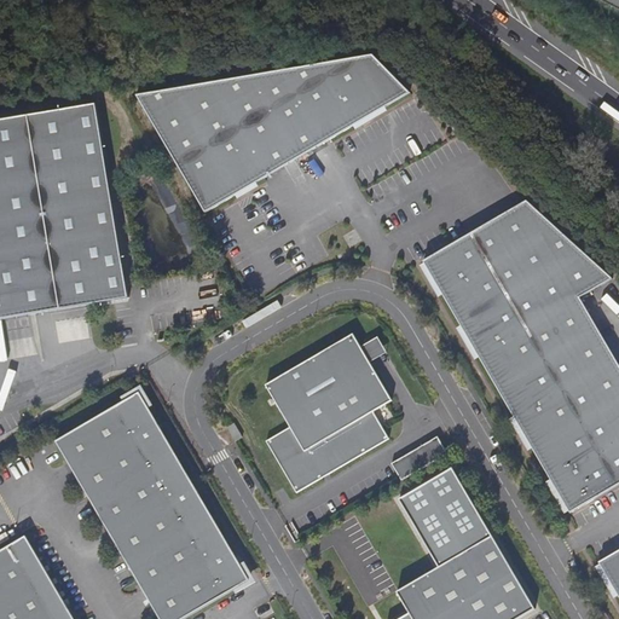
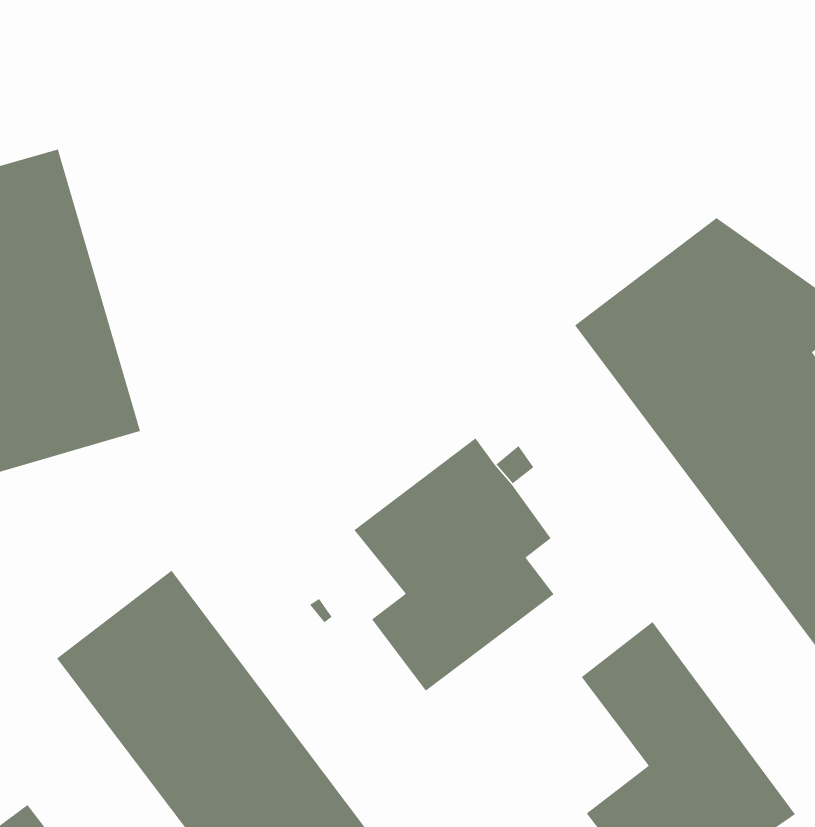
building: [137,47,410,213] -> none
building: [391,434,446,479] -> none

